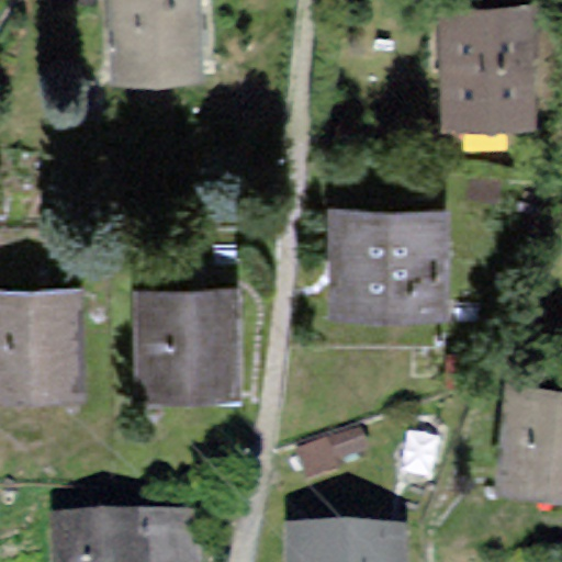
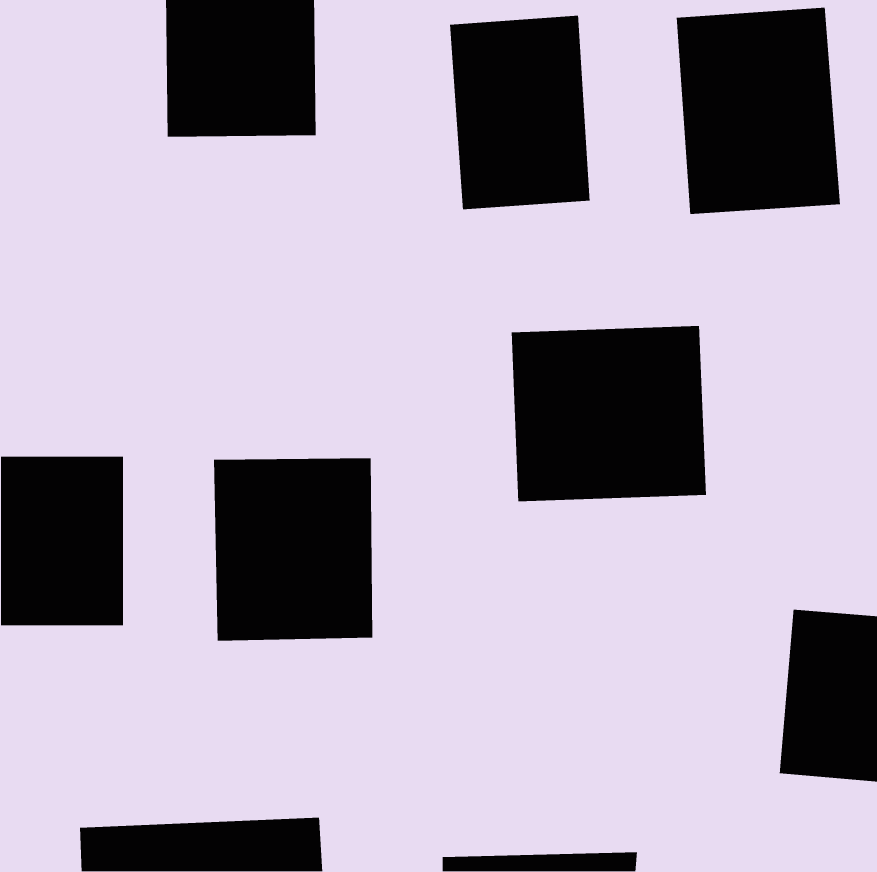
building: none -> [449,15,590,210]

